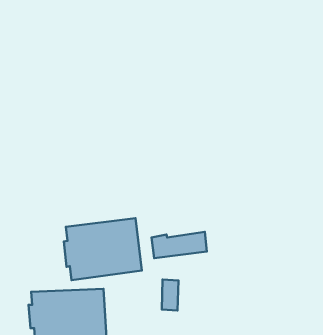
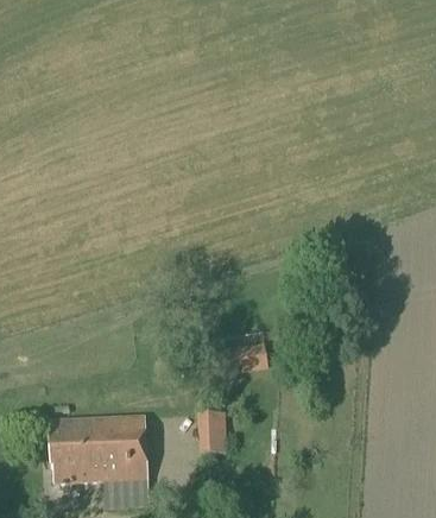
building: [64,218,142,280] -> none

